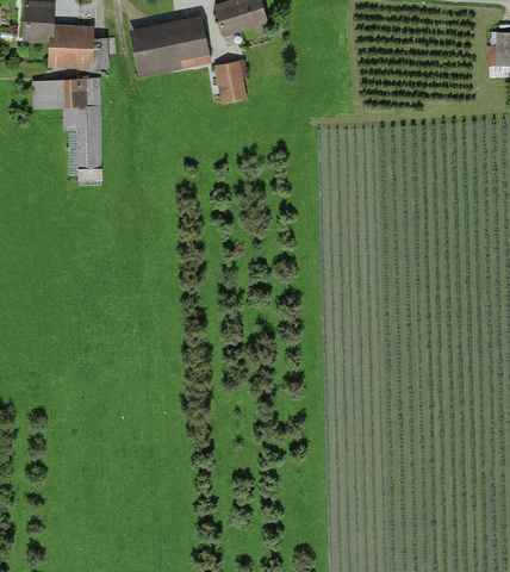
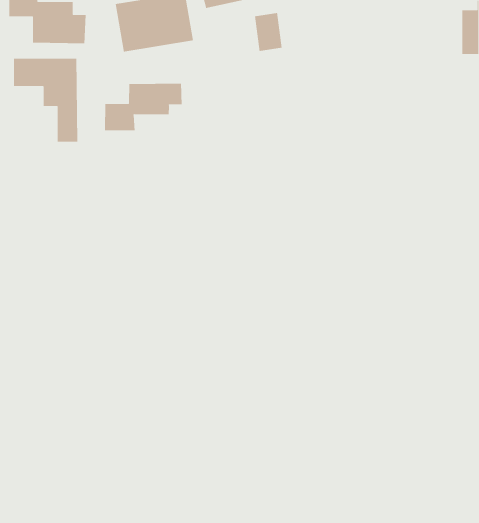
building: [216,66,244,105] -> [254,13,283,52]
building: none -> [105,83,182,131]

